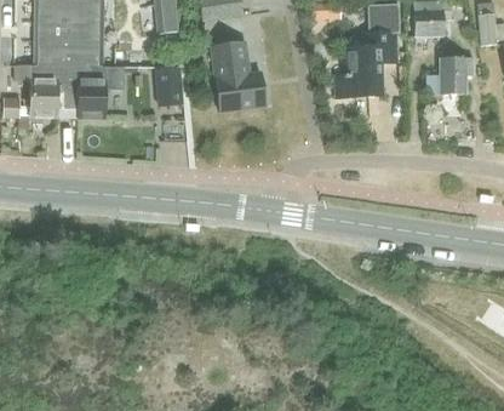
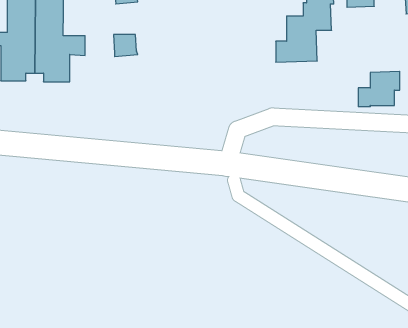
building: [210,40,264,112] -> none
building: [425,56,471,95] -> [358,71,400,107]

